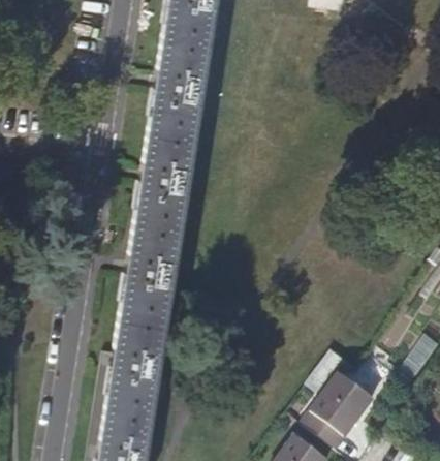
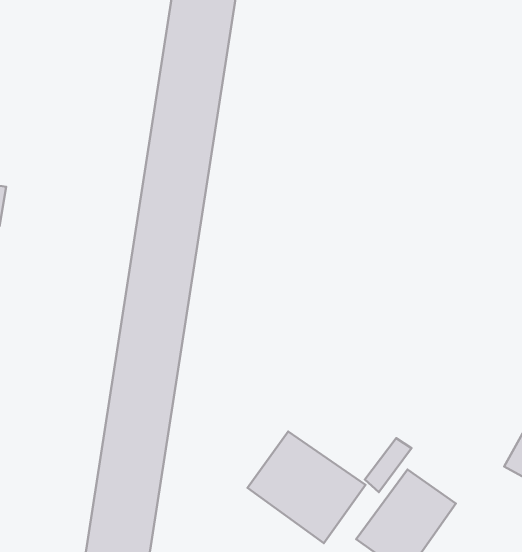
building: none -> [248,432,366,543]

